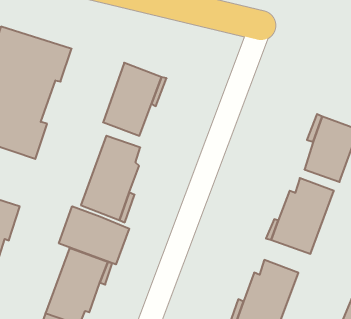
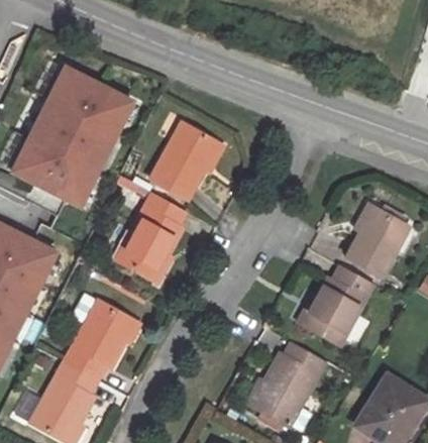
building: [59,206,129,264] -> none

